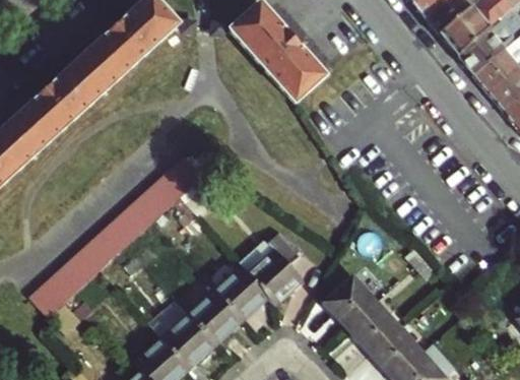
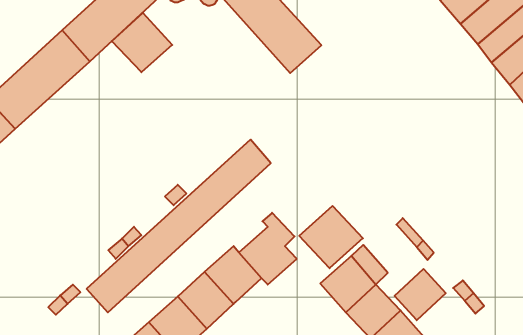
building: none -> [112,13,172,72]
building: [30,154,205,318] -> [87,140,271,312]
building: none -> [299,206,363,268]
building: none -> [395,269,446,320]

